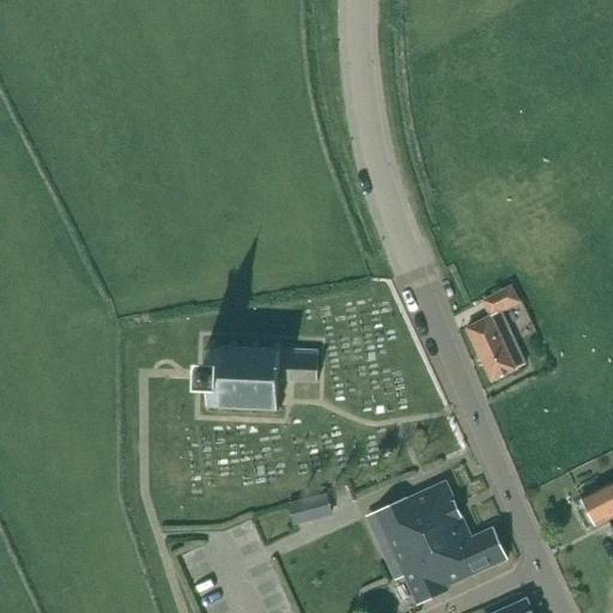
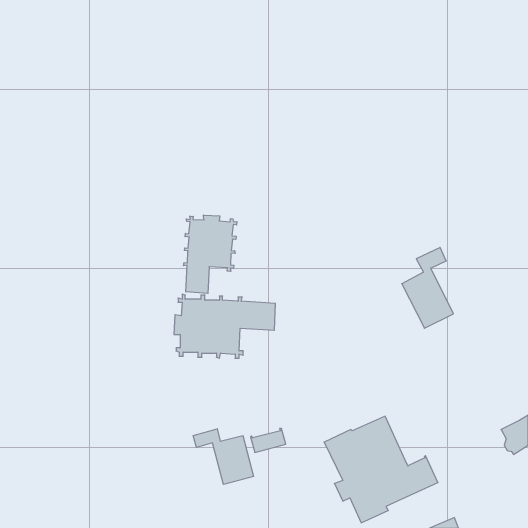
building: none -> [184,215,237,293]
building: none -> [193,429,253,484]

